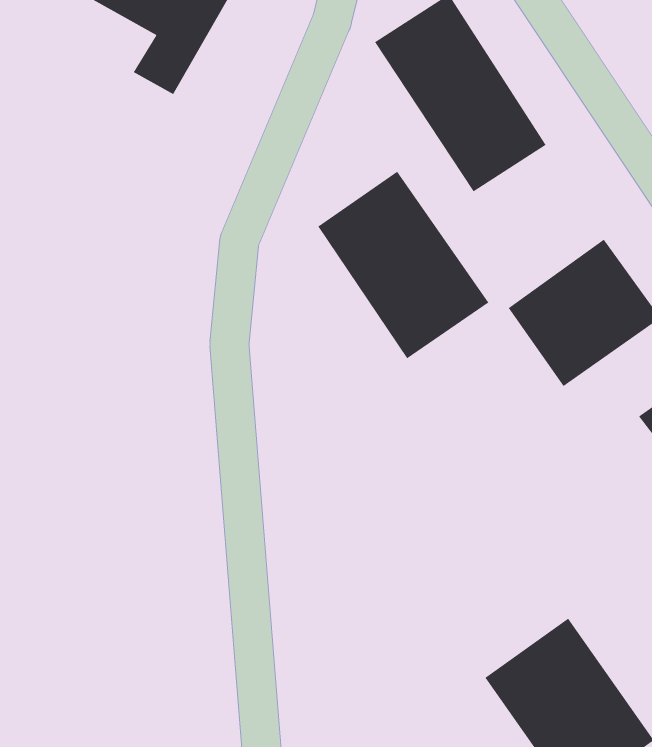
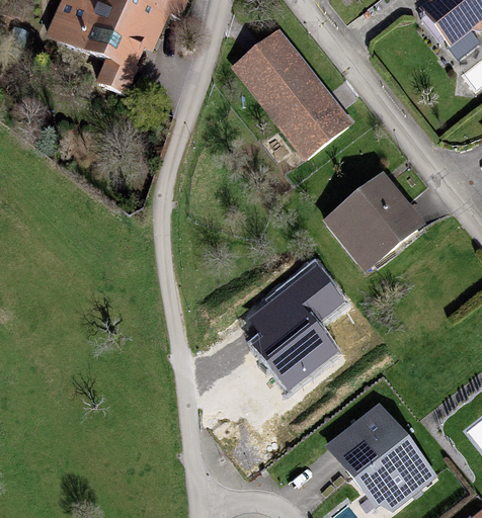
building: [317,171,489,359] -> none
building: none -> [240,262,346,386]

